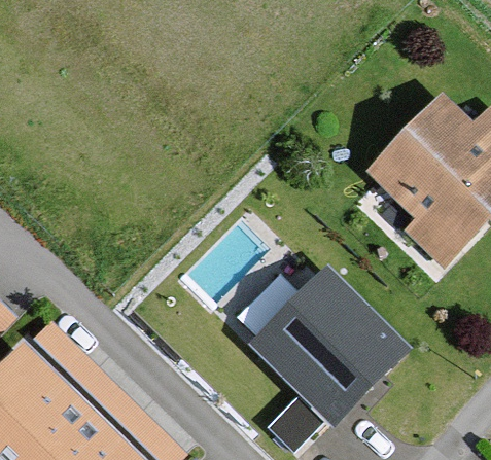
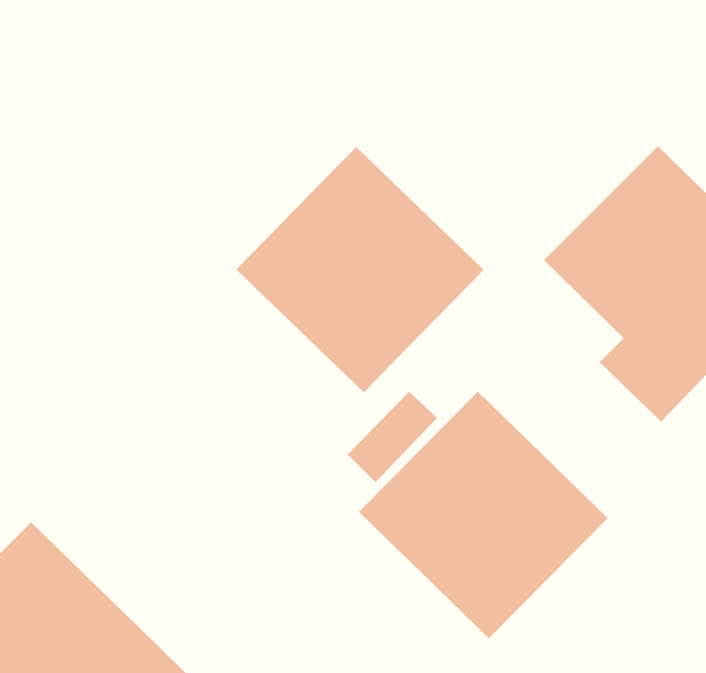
building: none -> [236,146,484,393]

